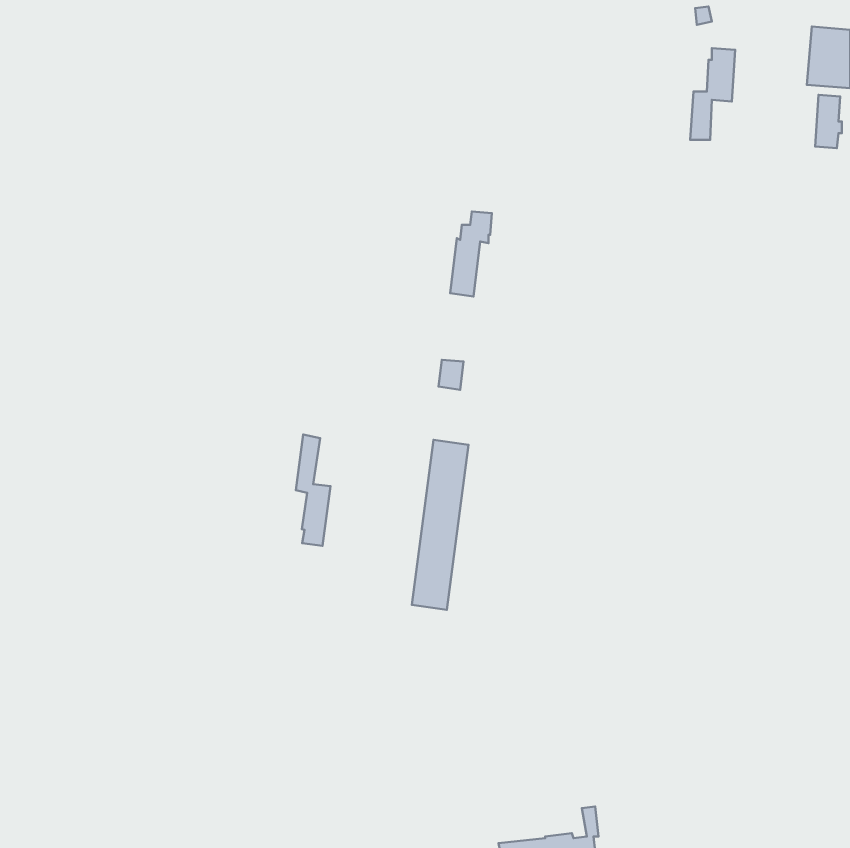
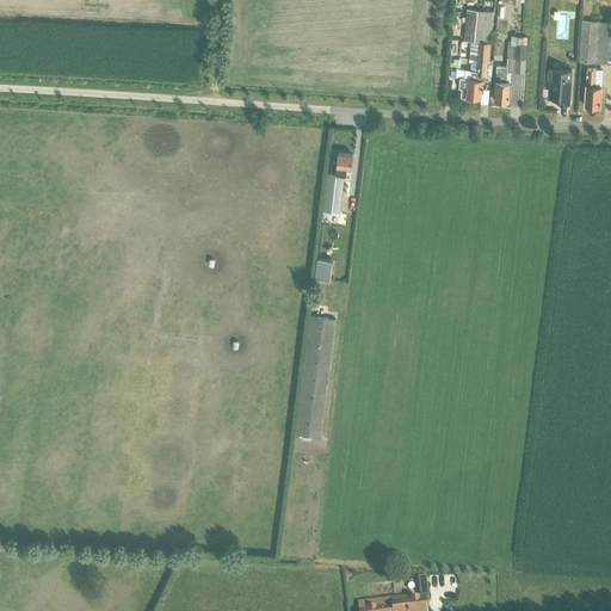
building: none -> [458,11,493,100]
building: none -> [549,70,570,106]
building: [296,434,330,546] -> none

